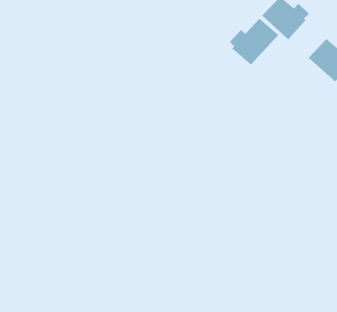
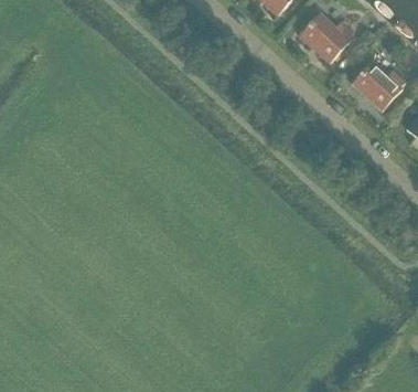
building: [229,18,279,65] -> none

